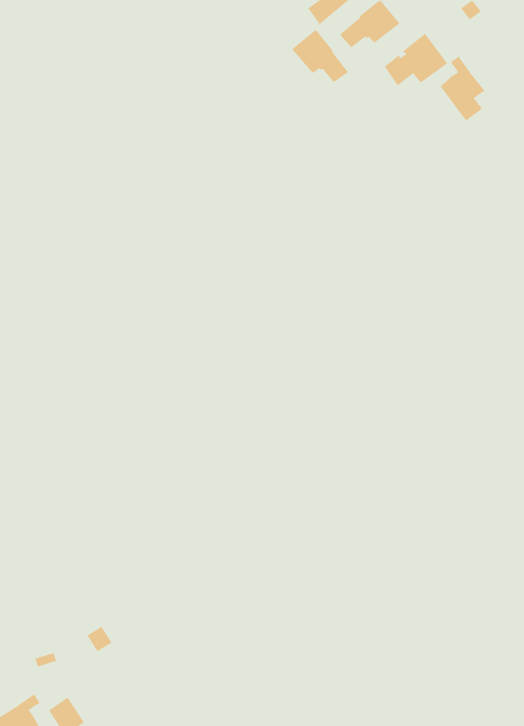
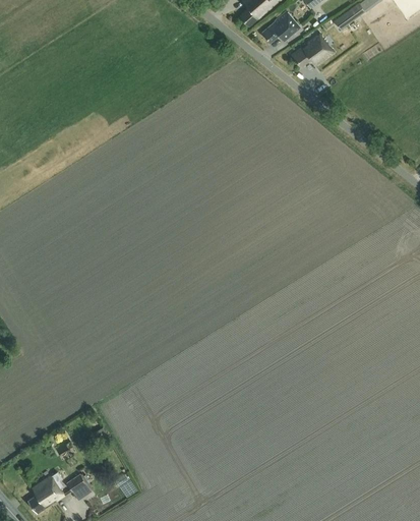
building: [291,29,349,83] -> none
building: [439,56,485,121] -> none

